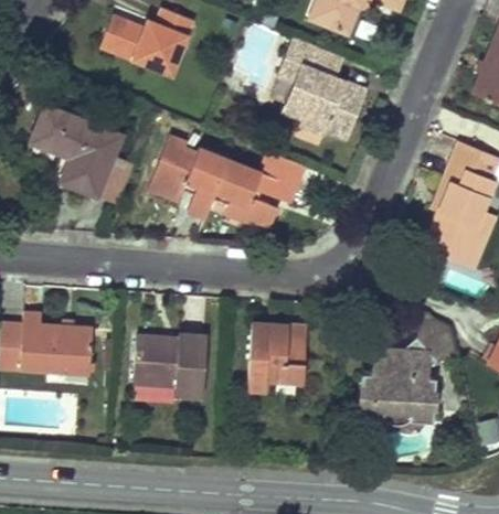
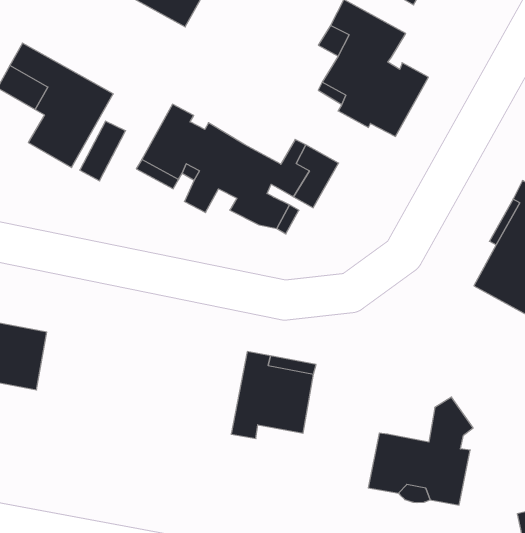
building: [416,317,455,361] -> none
building: [132,334,206,398] -> none
building: [370,346,404,376] -> none

